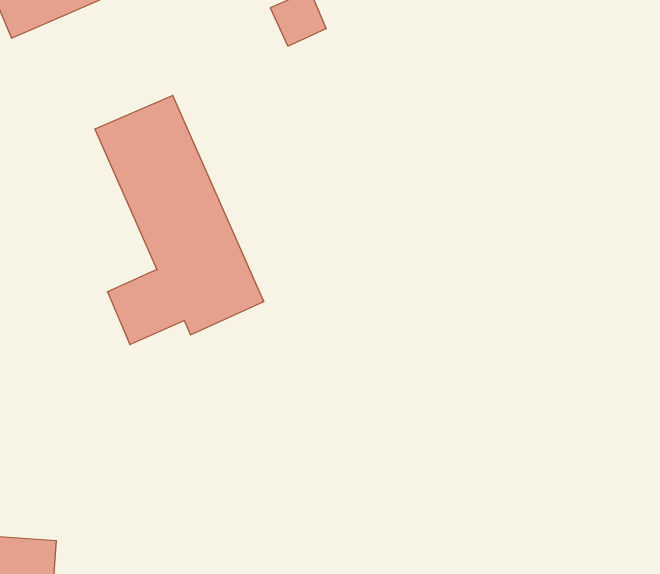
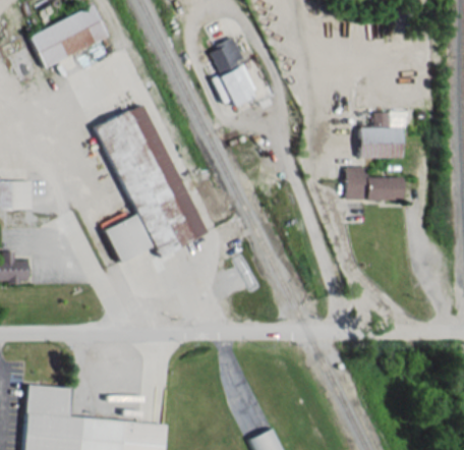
building: none -> [218,64,258,107]
building: none -> [359,113,402,158]
building: none -> [345,167,403,201]

